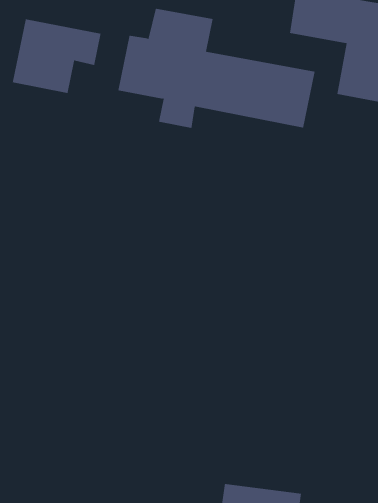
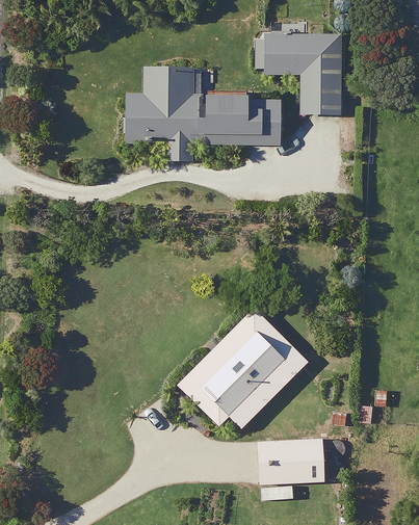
building: [12,18,101,94] -> none
building: none -> [177,307,309,428]

